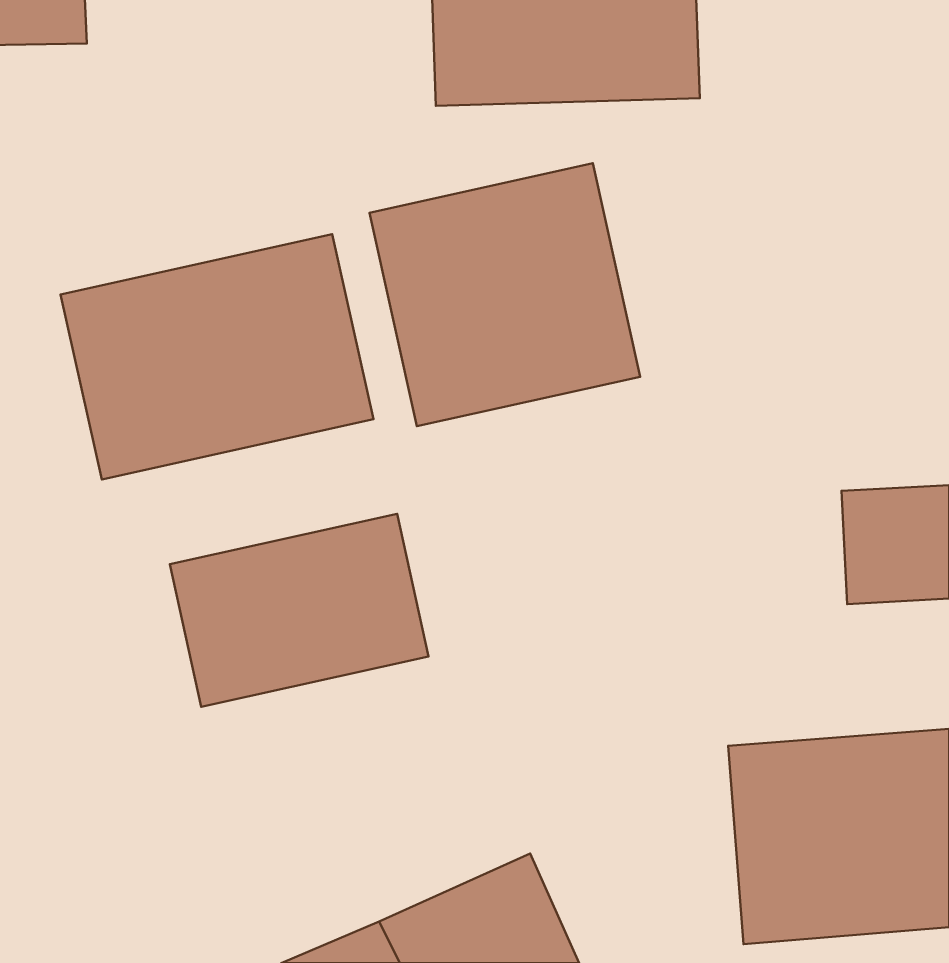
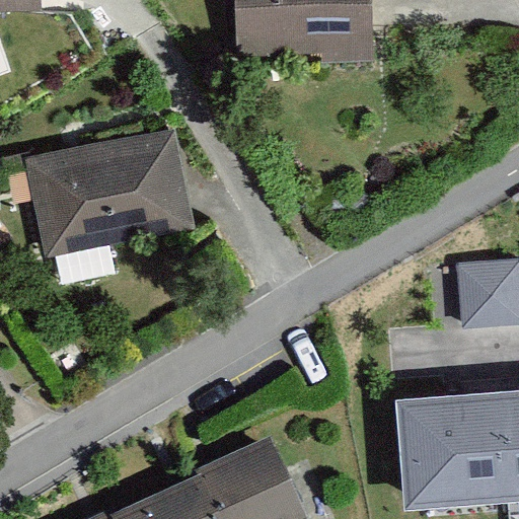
building: [369,163,640,426] -> none
building: [170,514,429,707] -> none

